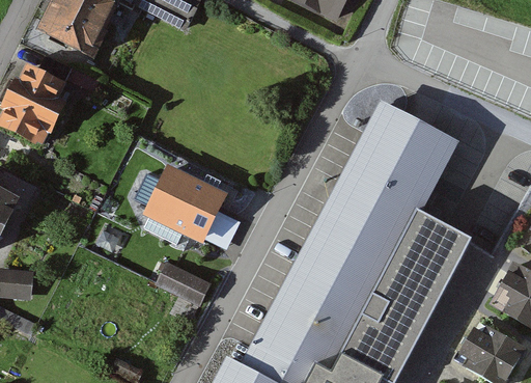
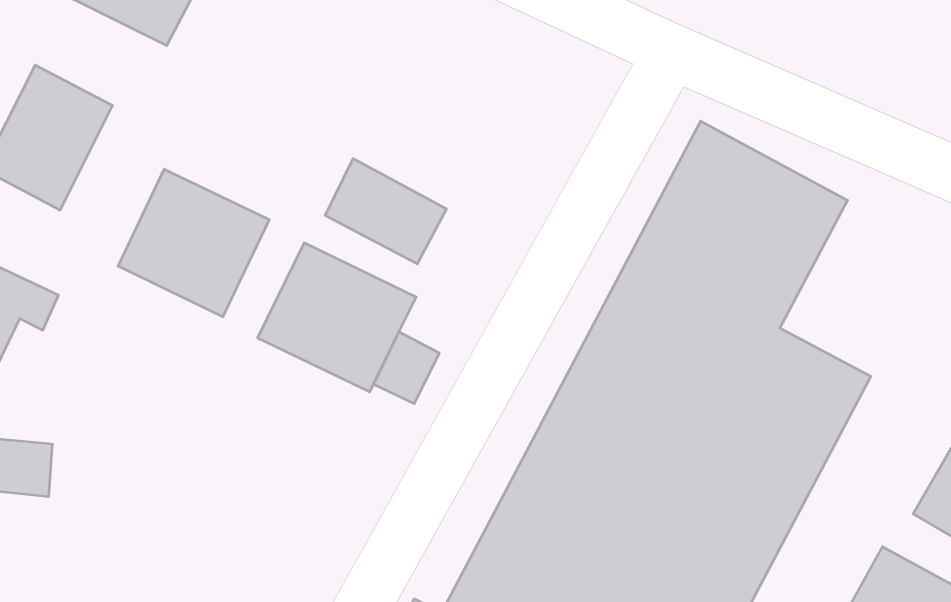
building: none -> [325,159,446,264]
building: none -> [118,169,269,317]
building: [159,264,213,308] -> none

